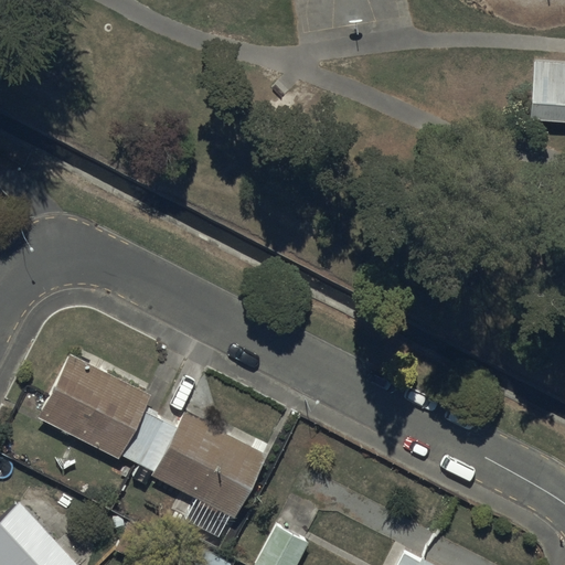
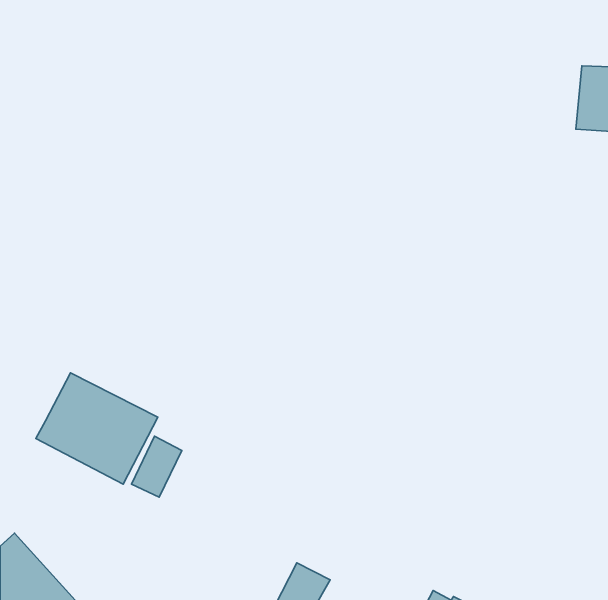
building: [153,416,266,514] -> none

